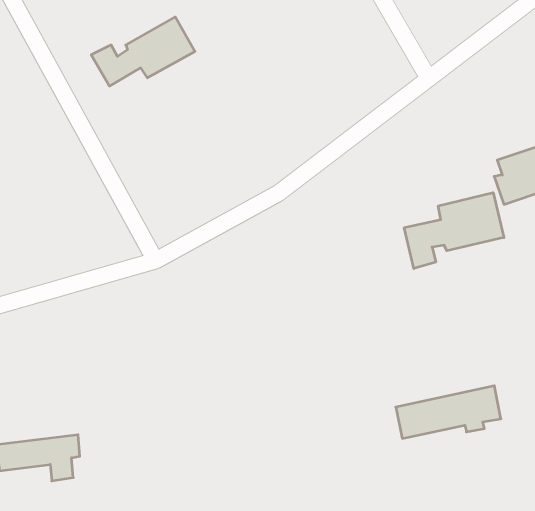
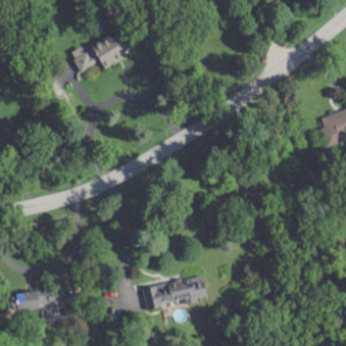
building: [404,193,504,269] -> none
building: [396,386,501,438] -> [143,276,208,308]

